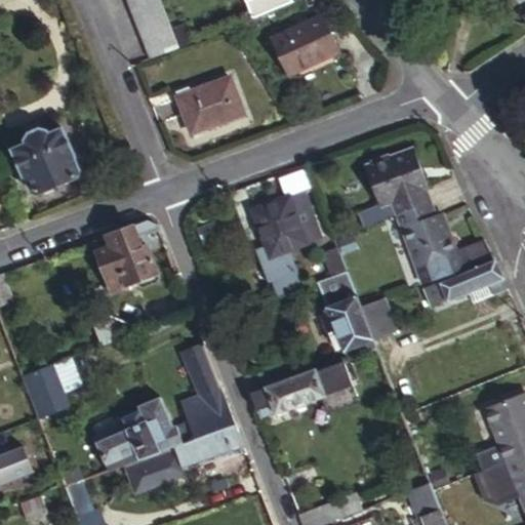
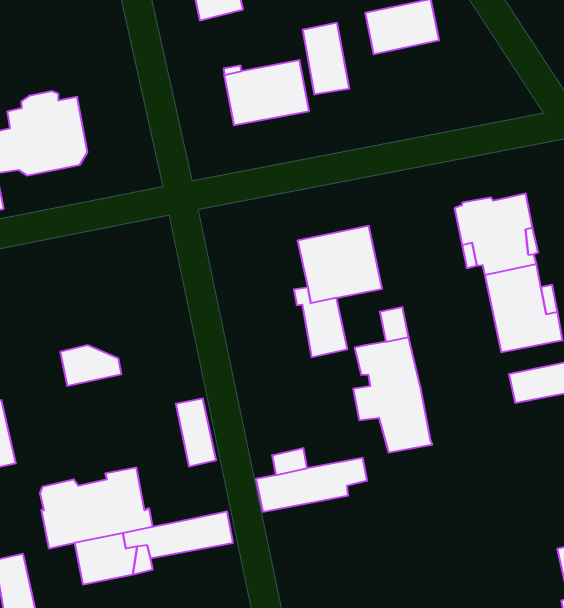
building: none -> [303,23,349,95]
building: [98,226,162,292] -> none
building: [361,299,395,344] -> none
building: [178,385,232,437] -> none

